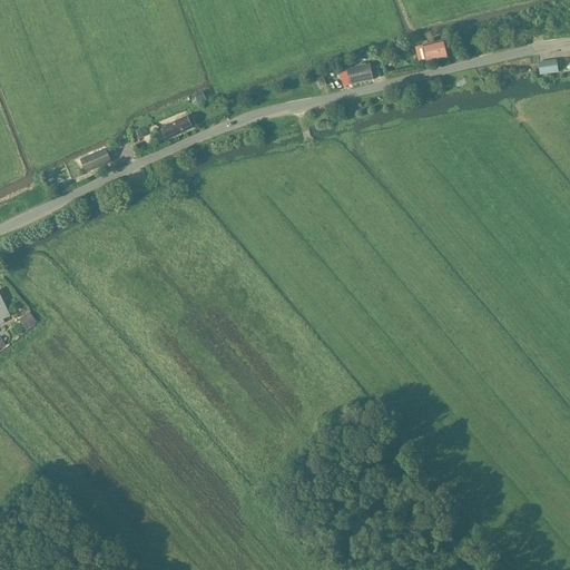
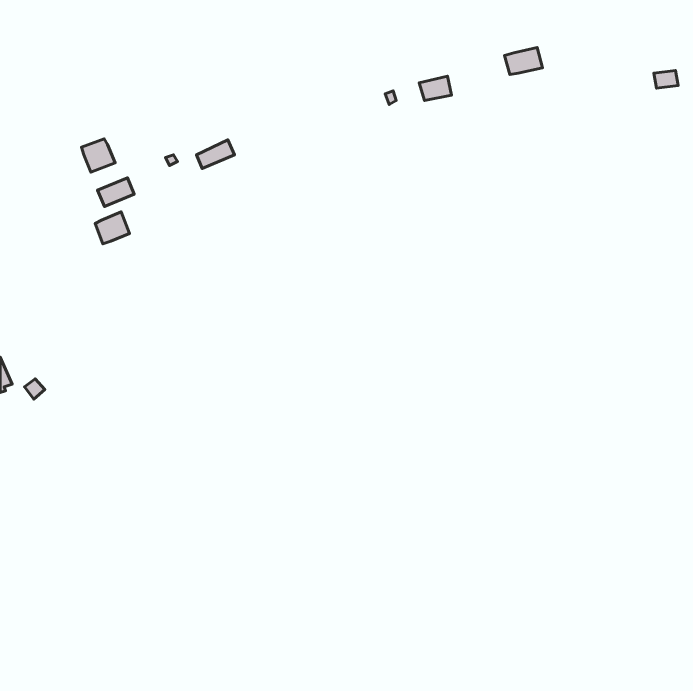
building: none -> [81,139,115,172]
building: none -> [95,212,129,244]

